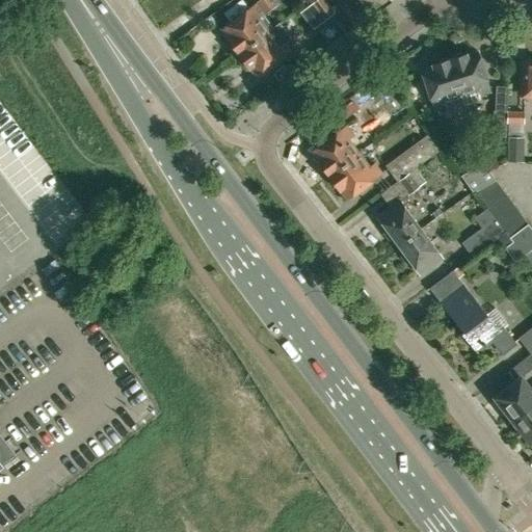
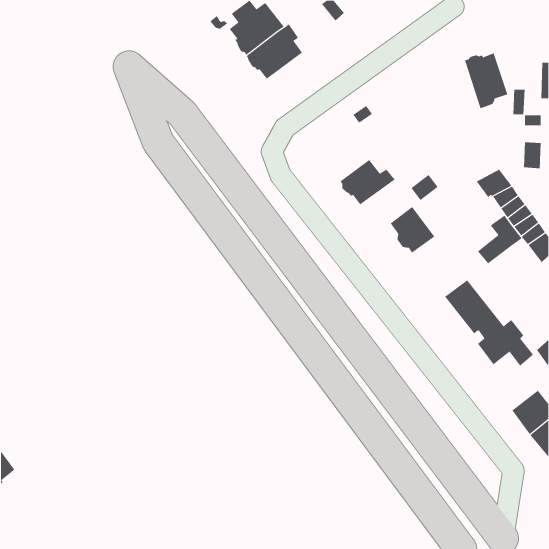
building: [421,58,466,114] -> none
building: [312,125,357,176] -> none
building: [387,138,437,181] -> none
building: [398,229,443,274] -> none

